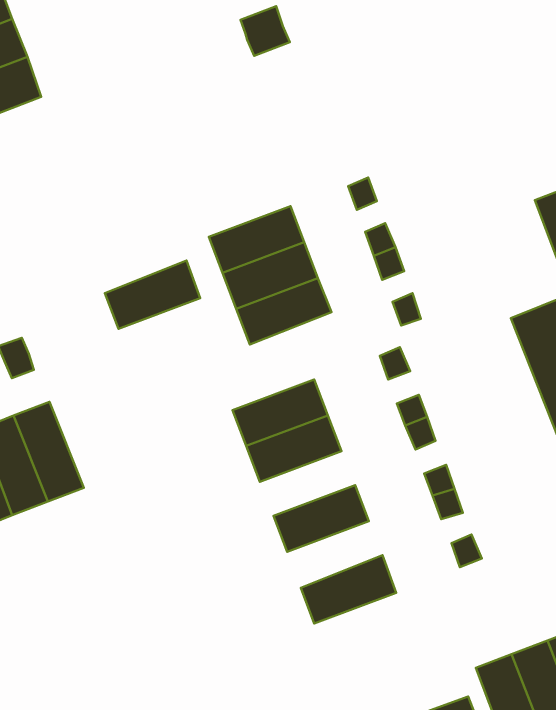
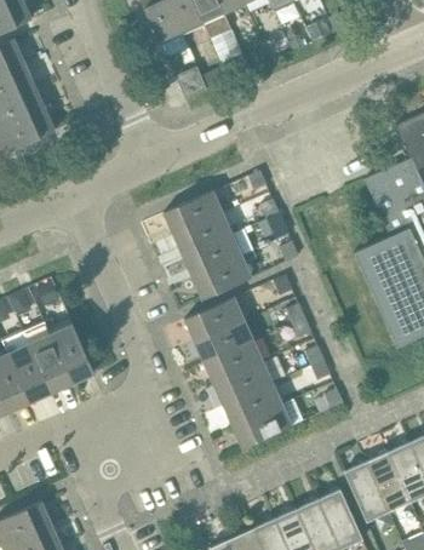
building: [105,260,200,329] -> [193,254,252,299]
building: none -> [204,340,263,383]
building: none -> [223,383,282,426]

